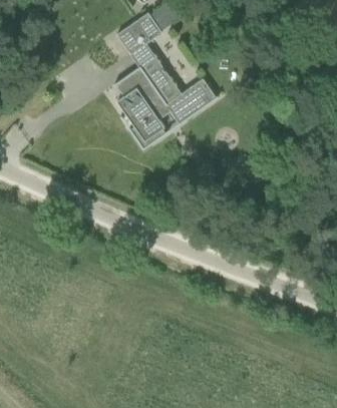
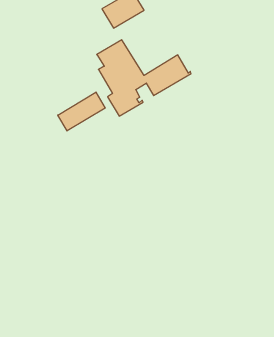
building: none -> [58,92,105,131]

